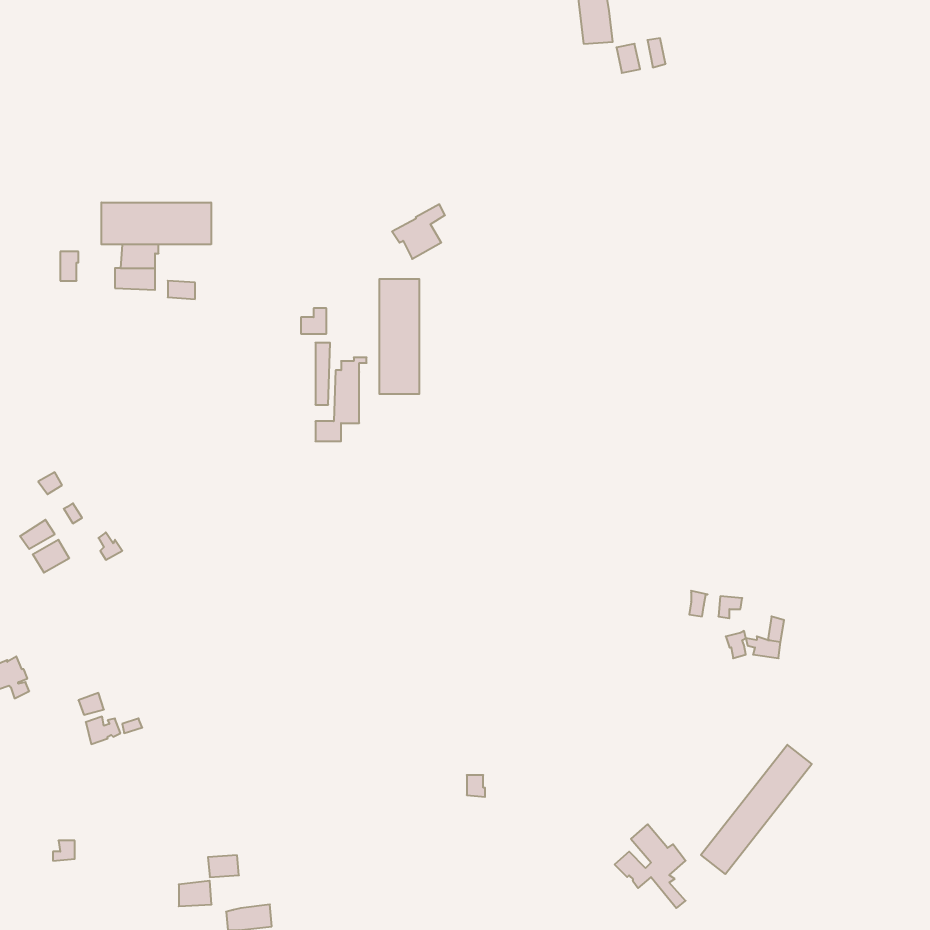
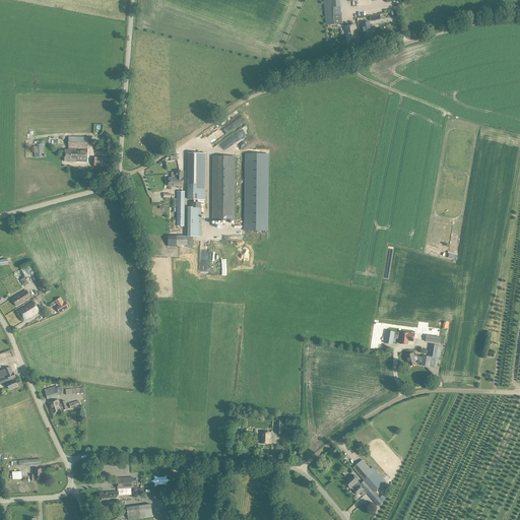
building: [101,202,211,244] -> none
building: none -> [187,152,204,199]
building: none -> [244,152,267,230]
building: [701,745,812,874] -> none

